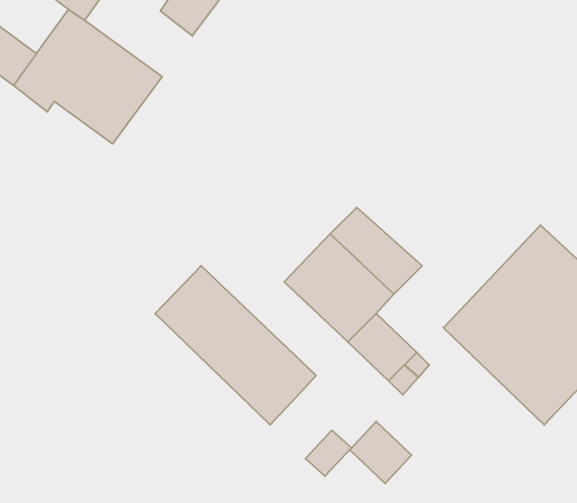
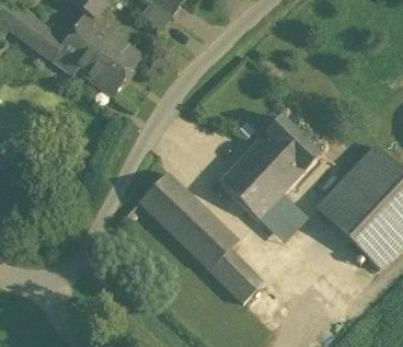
building: none -> [264,116,321,171]
building: [350,421,412,483] -> [210,252,249,290]

